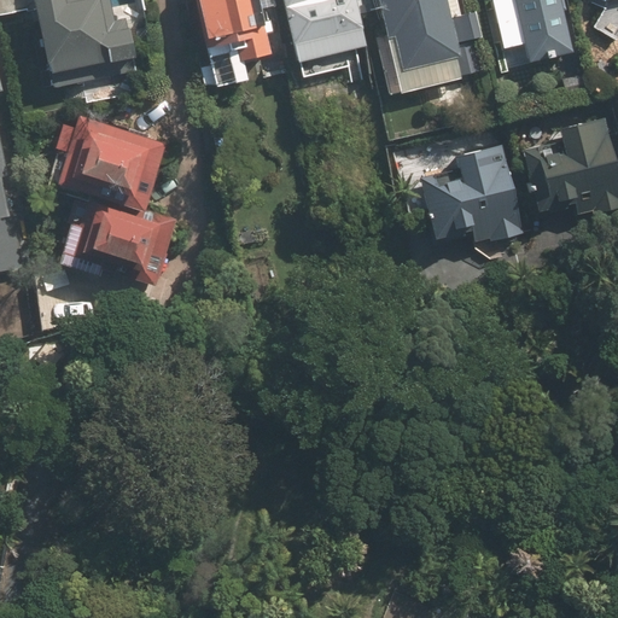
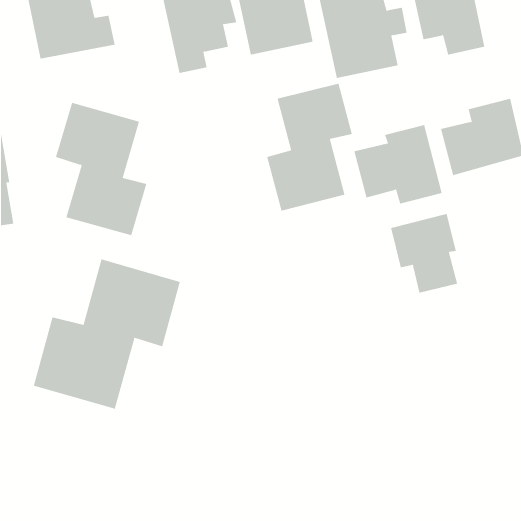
building: none -> [267,83,353,211]
building: none -> [390,213,458,294]
building: none -> [33,258,181,409]

